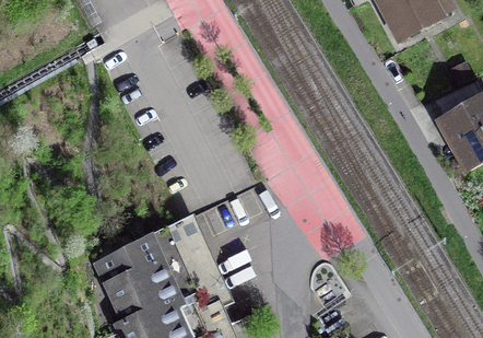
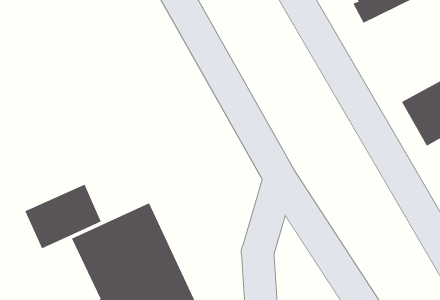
building: none -> [24,184,101,249]

